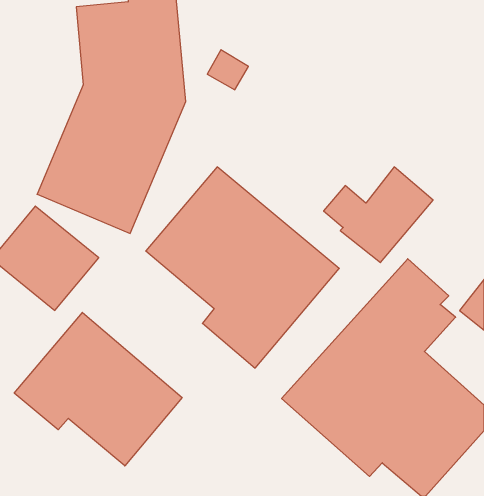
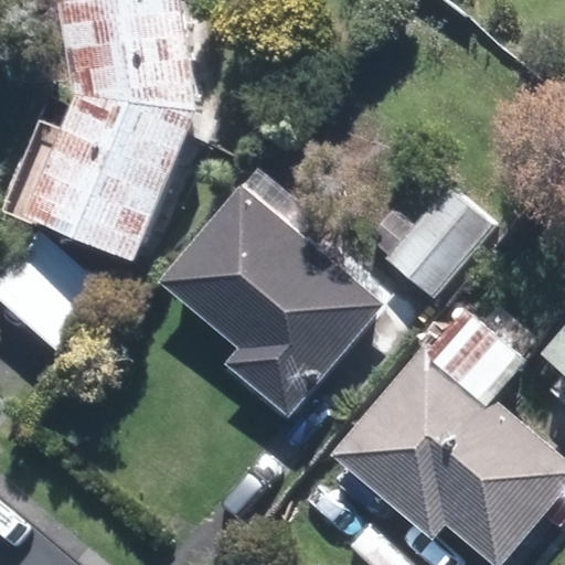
building: [14,312,182,466] -> none

